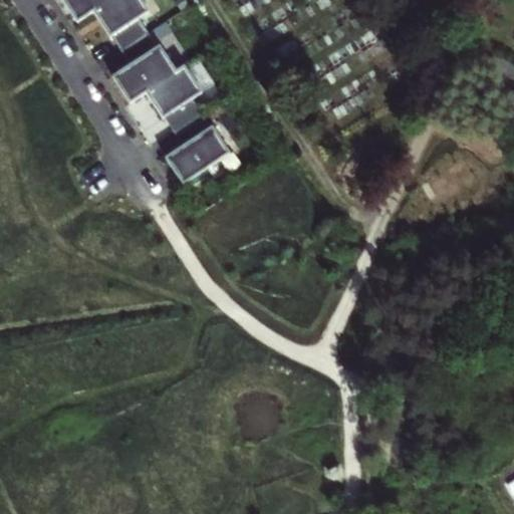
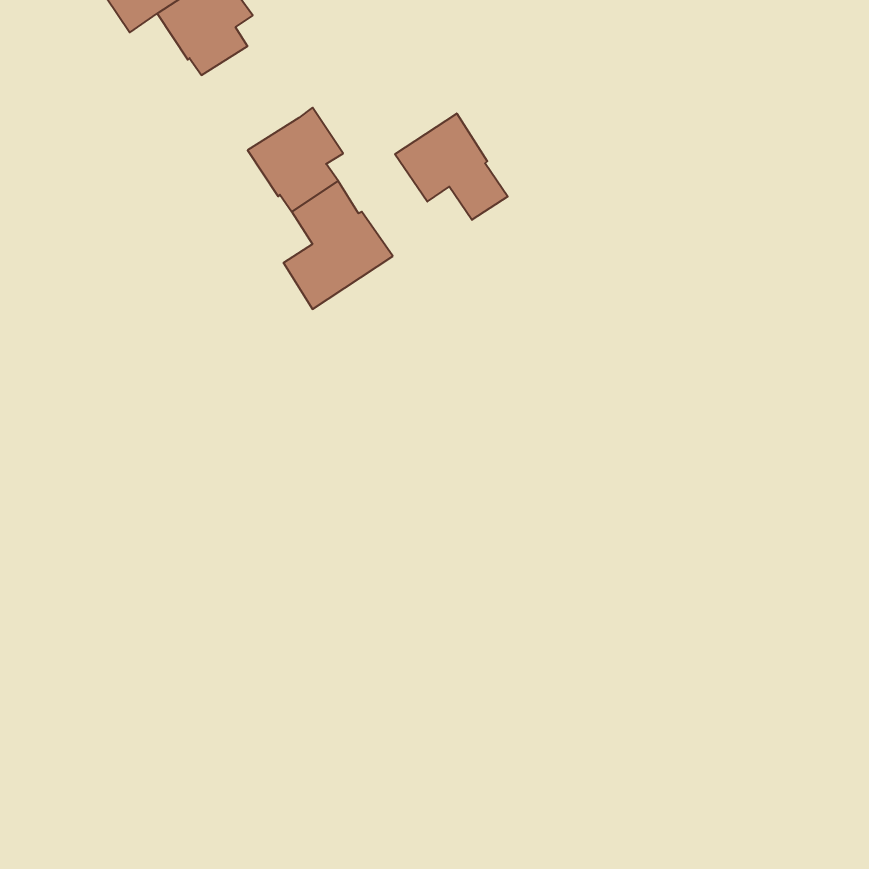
building: [112,27,176,99] -> none
building: none -> [395,113,508,220]

